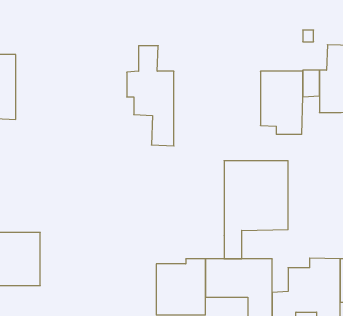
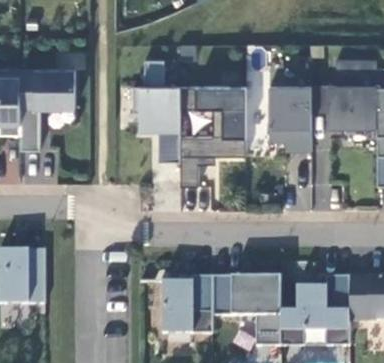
building: none -> [19,68,74,149]
building: [224,161,288,259] -> [180,85,245,185]

